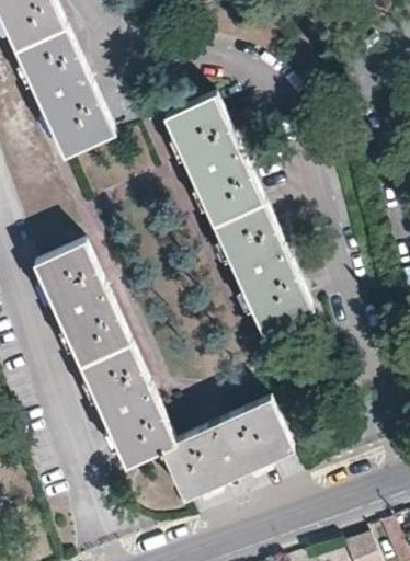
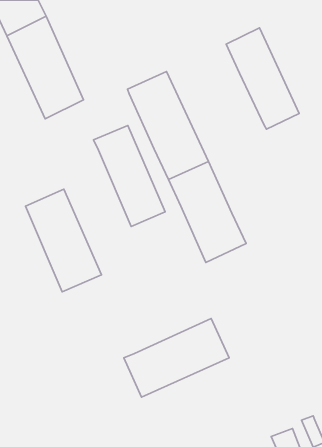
building: none -> [226,28,299,129]
building: none -> [94,125,165,226]
building: [84,348,173,467] -> none

